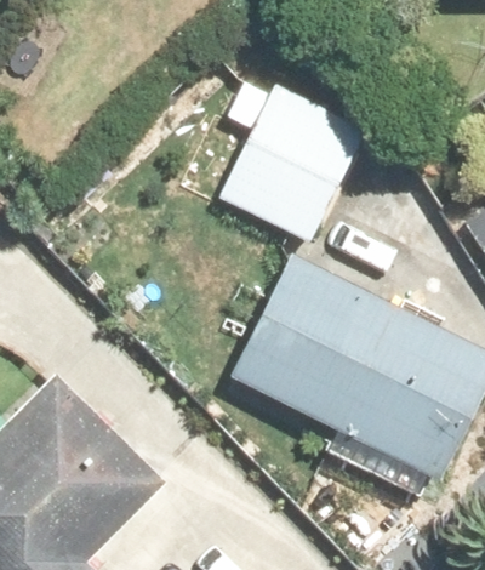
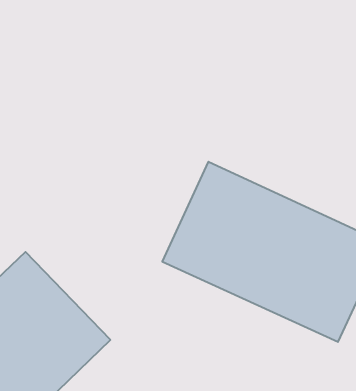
building: [216,75,375,246] -> none

